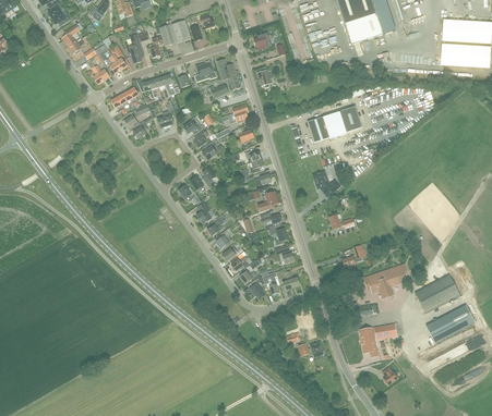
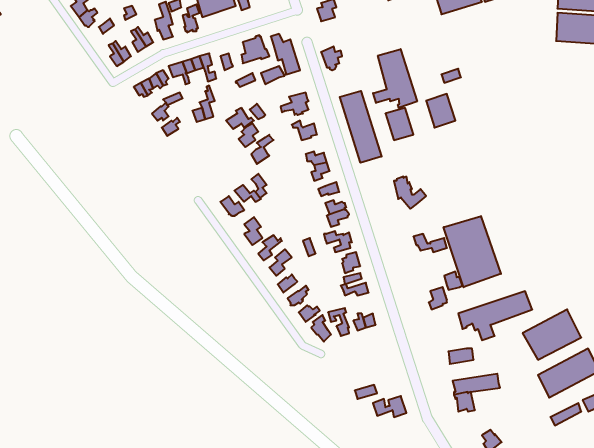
building: none -> [373,49,417,108]
building: none -> [340,91,382,163]
building: none -> [444,216,501,287]

